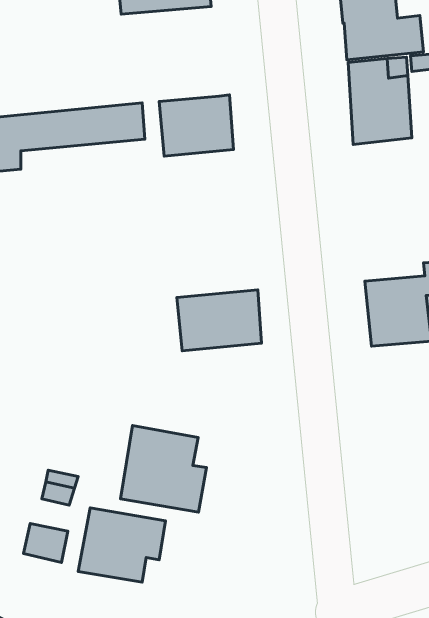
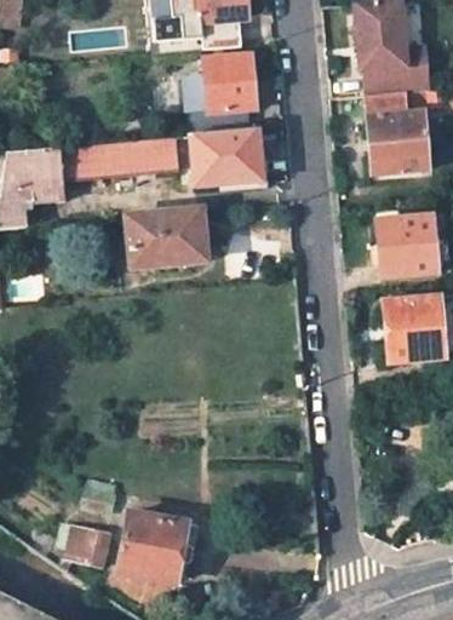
building: none -> [183,56,256,136]
building: none -> [377,217,436,277]
building: [177,290,262,351] -> [126,211,205,268]
building: [121,426,206,512] -> none

